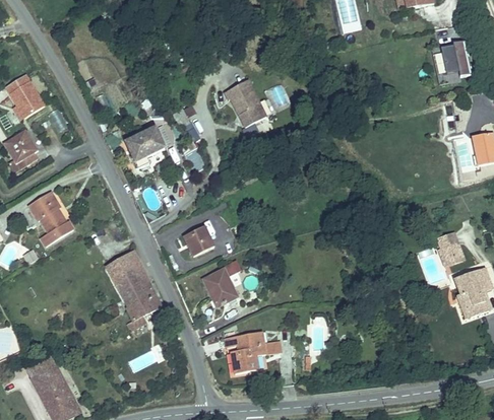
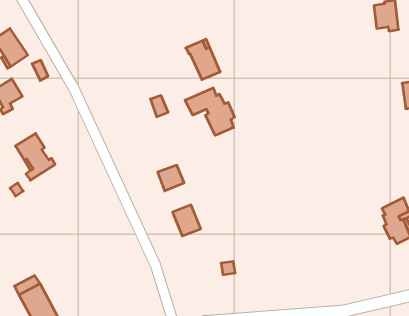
building: [128,128,164,159] -> none
building: none -> [185,88,235,135]
building: [433,231,465,268] -> none
building: [107,253,162,332] -> none
building: [226,341,261,377] -> none

